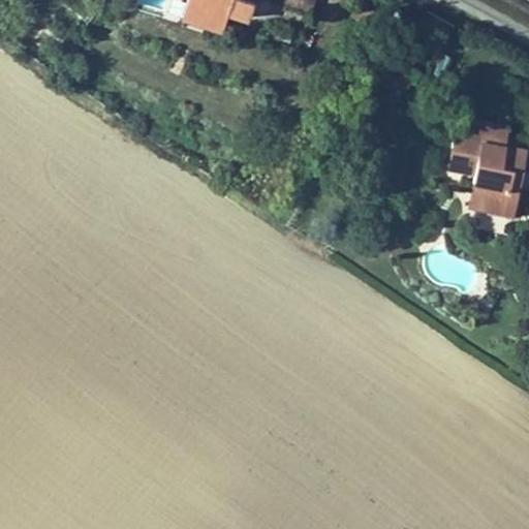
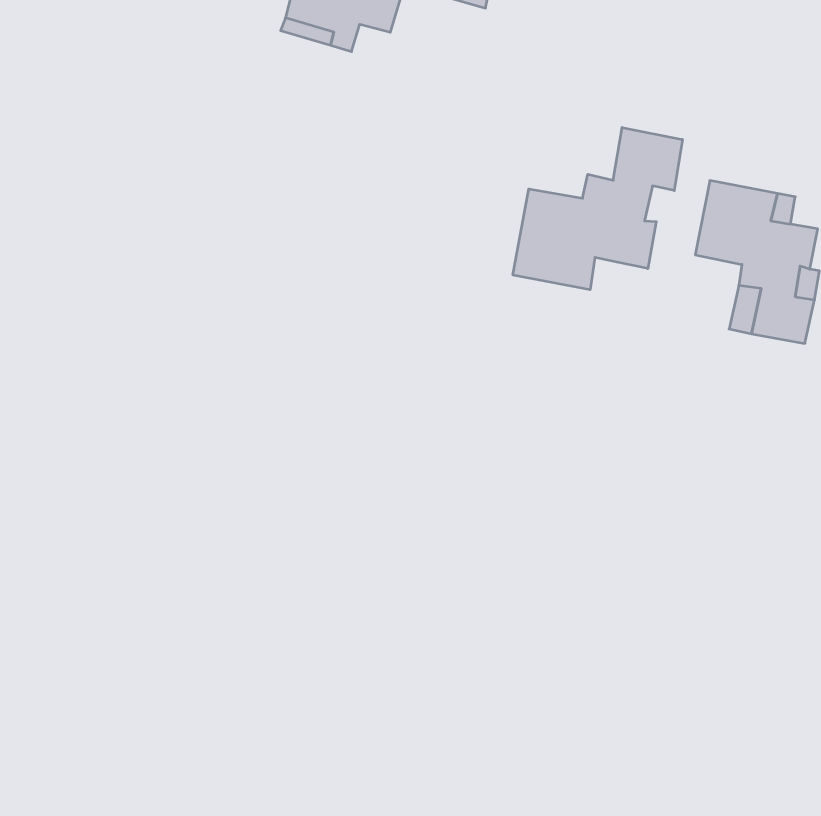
building: none -> [513,127,682,290]

